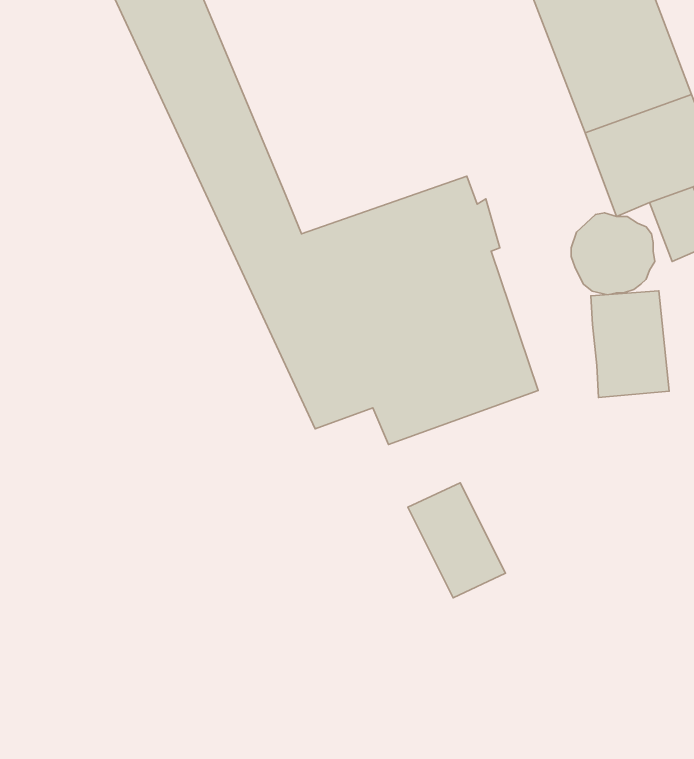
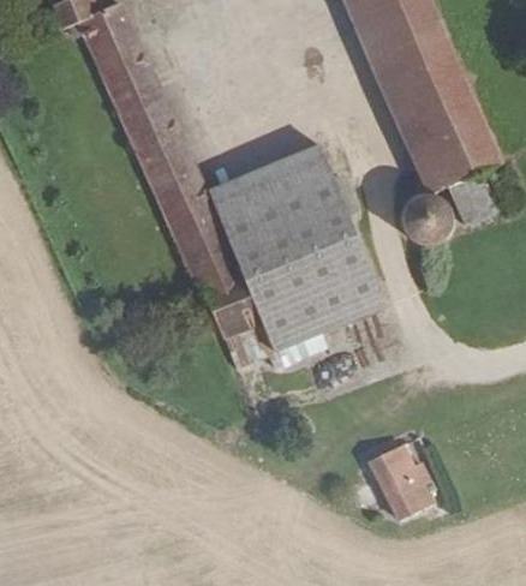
building: none -> [201,140,325,205]
building: [591,291,669,398] -> none
building: [408,483,505,598] -> [370,444,437,524]

